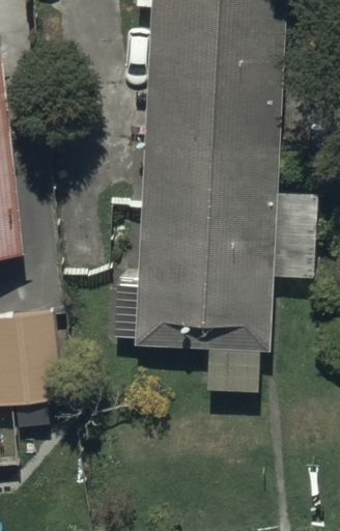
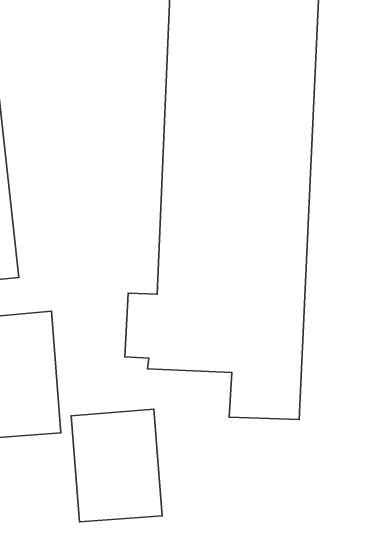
building: none -> [71,409,162,522]

